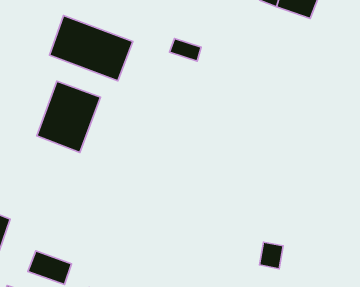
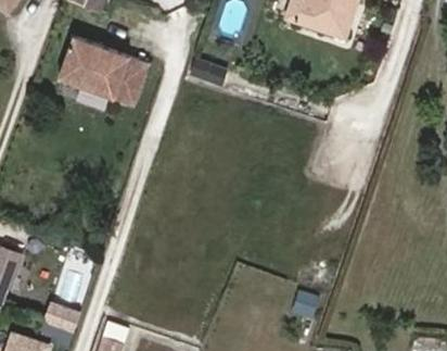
building: [37,81,101,153] -> none

